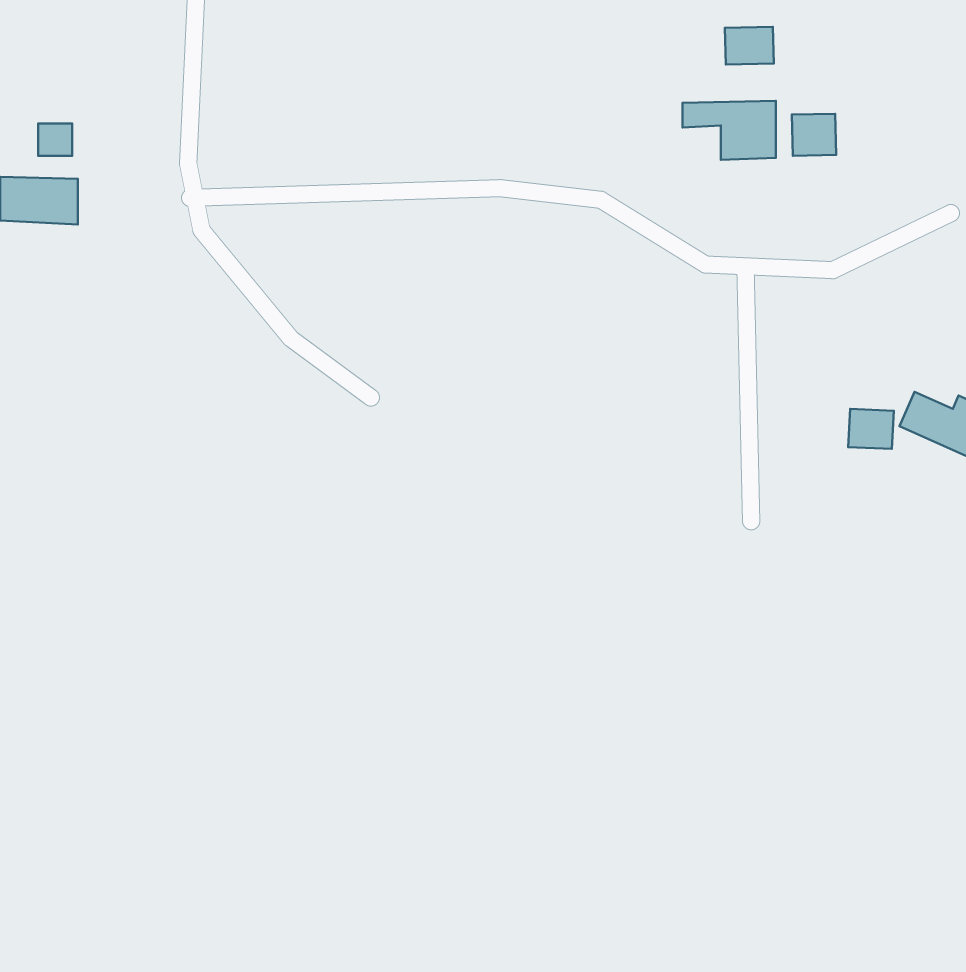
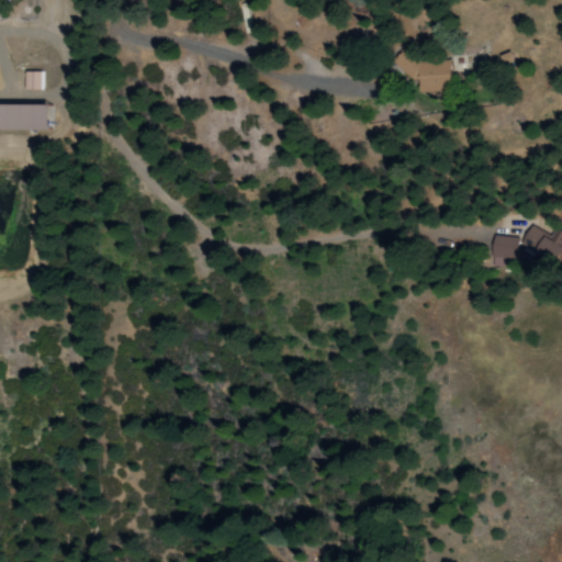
building: [725,27,774,64] -> none
building: [792,114,836,156] -> none

